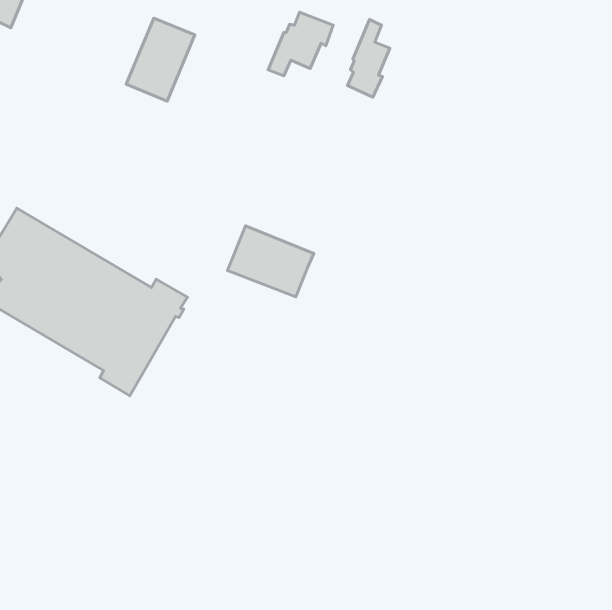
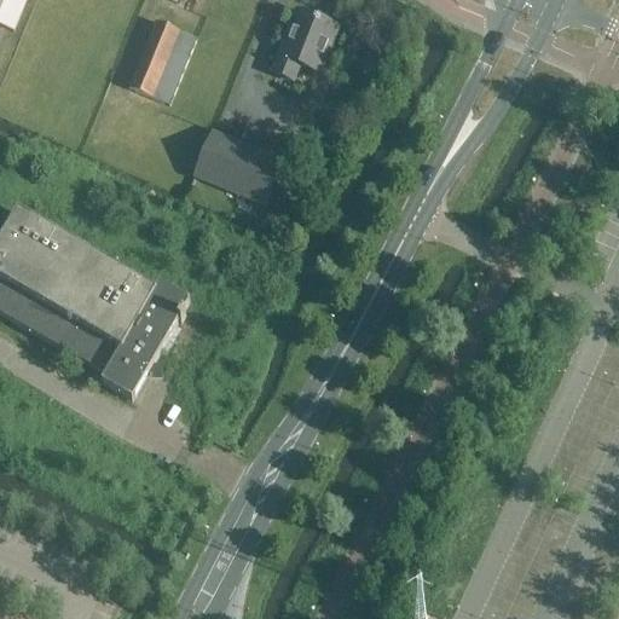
building: [347,20,390,97] -> none
building: [227,226,314,297] -> [195,129,282,201]

